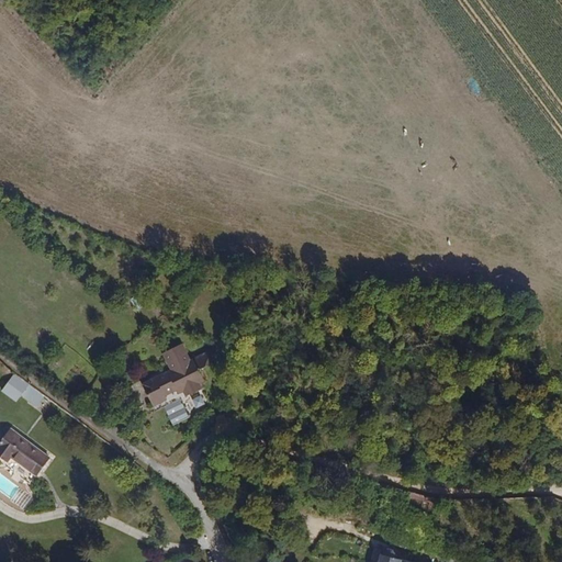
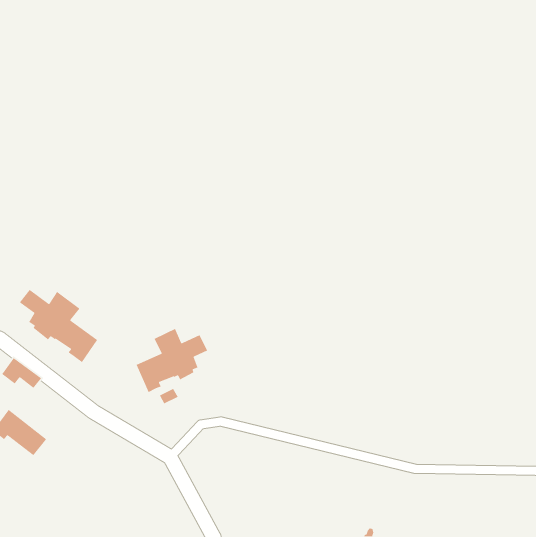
building: none -> [19,289,98,363]

